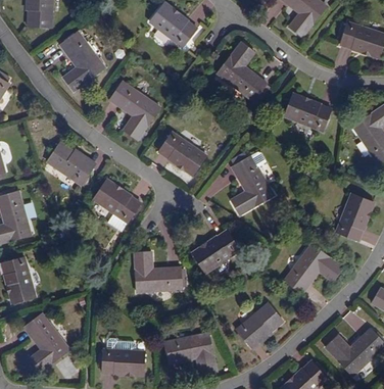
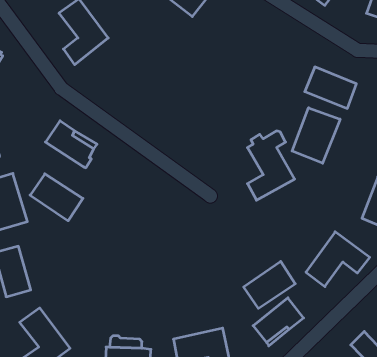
building: [217,42,267,100] -> none
building: [110,81,160,139] -> none
building: none -> [292,108,340,163]
building: [159,132,206,175] -> none
building: [93,180,141,223] -> [30,174,83,221]
building: [193,230,240,273] -> [244,261,295,308]
building: [135,251,182,291] -> none

